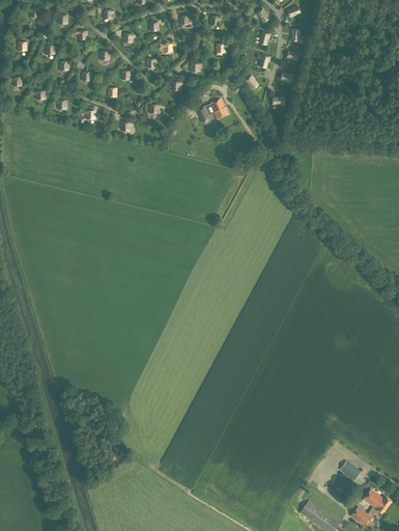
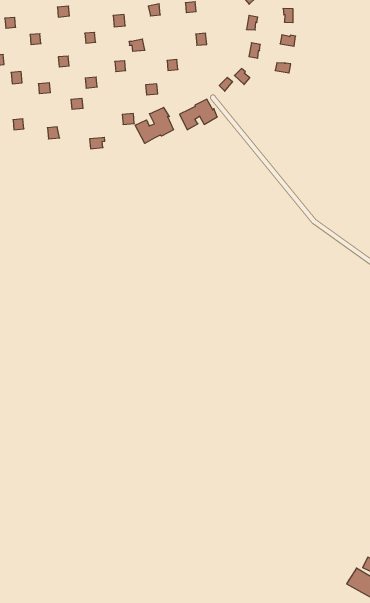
building: none -> [135,107,174,143]

